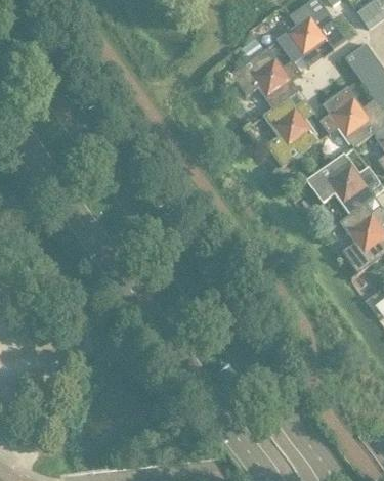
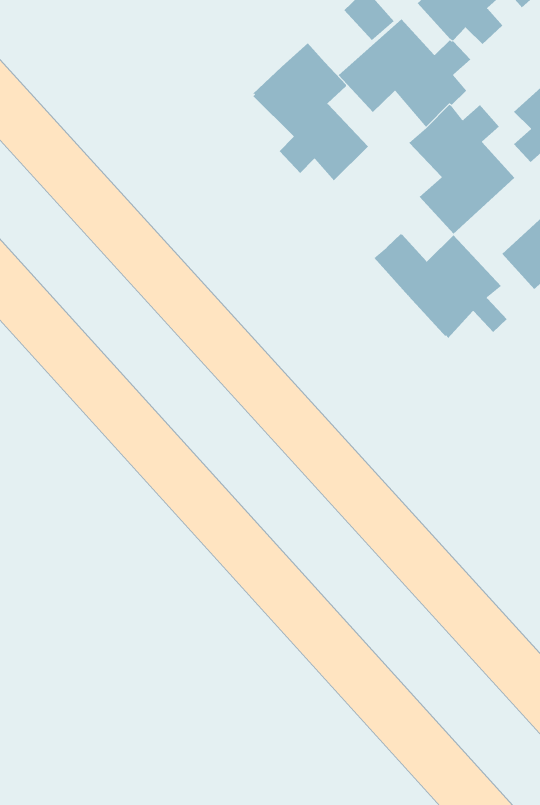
building: none -> [252,43,369,181]
building: none -> [374,233,508,339]

